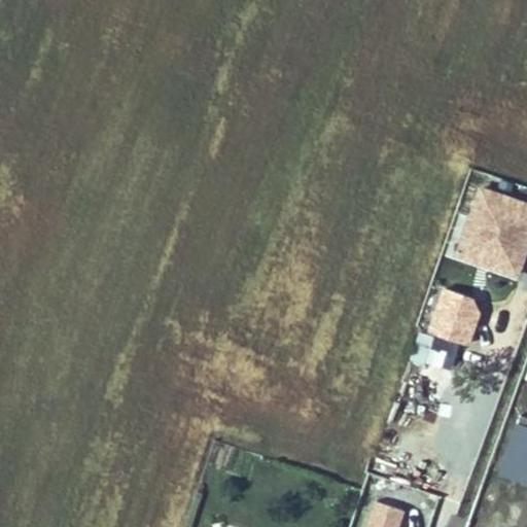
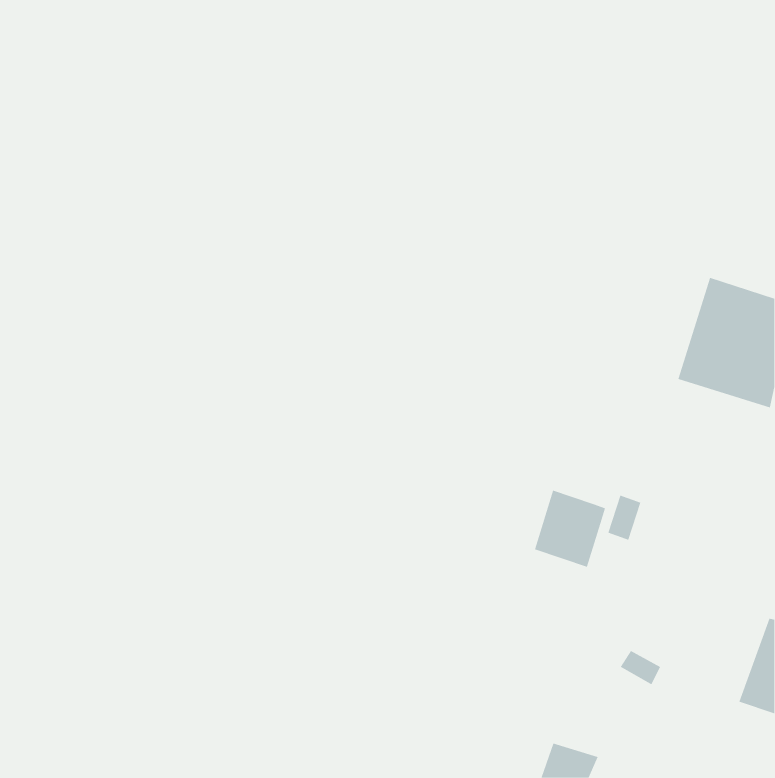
building: [431,292,480,345] -> [534,490,606,568]

